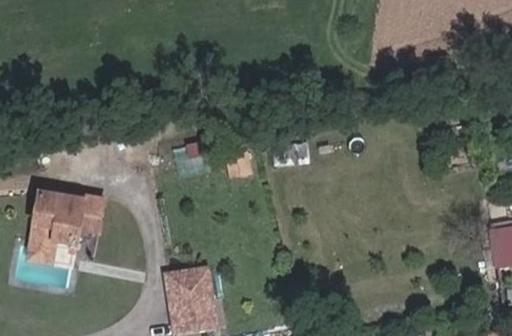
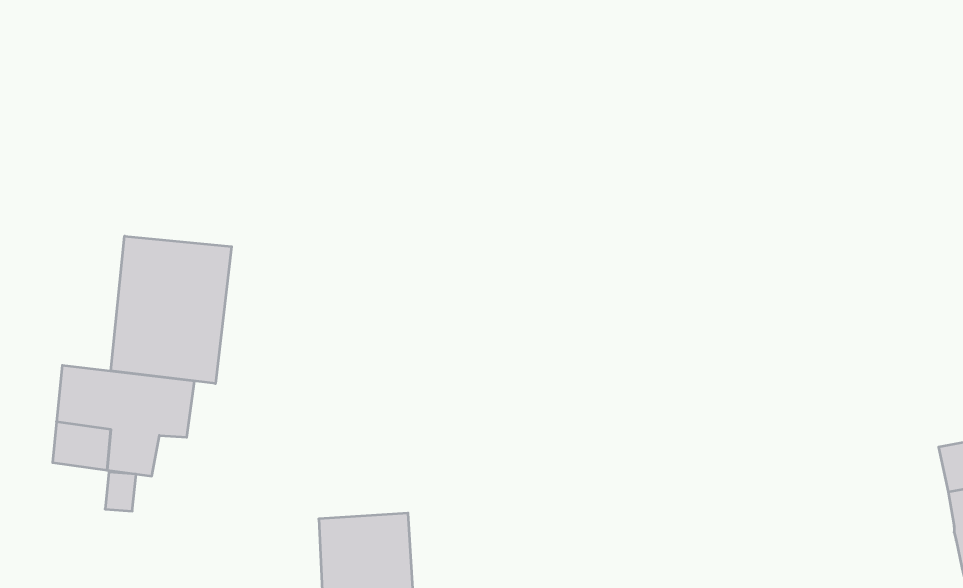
building: none -> [111,236,232,384]

